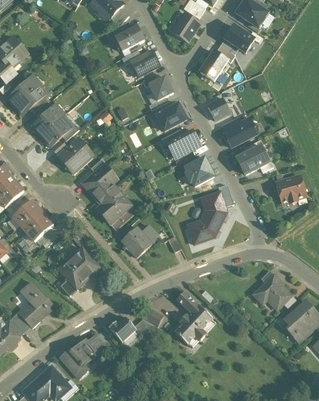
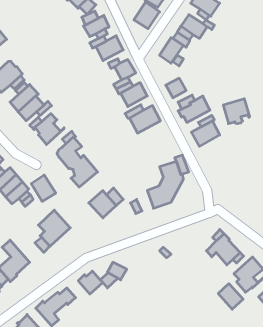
building: [184,157,214,186] -> none
building: [275,175,305,203] -> [223,99,250,124]
building: none -> [31,175,56,201]
building: [171,291,215,343] -> none
building: none -> [218,284,243,309]

